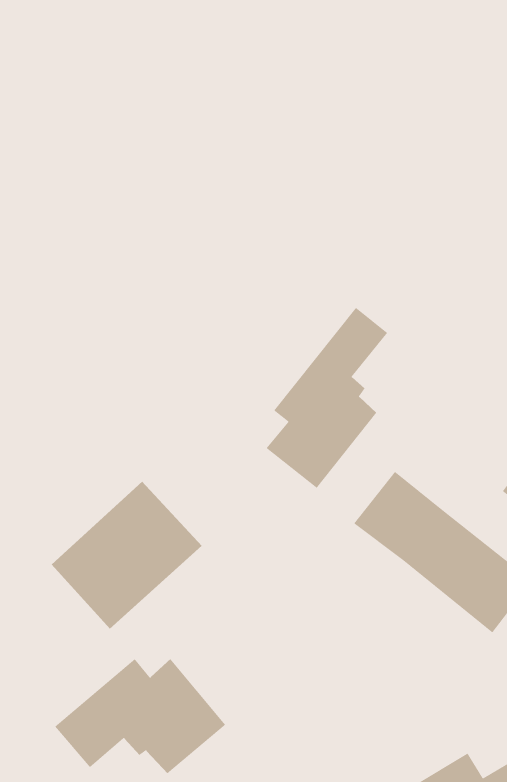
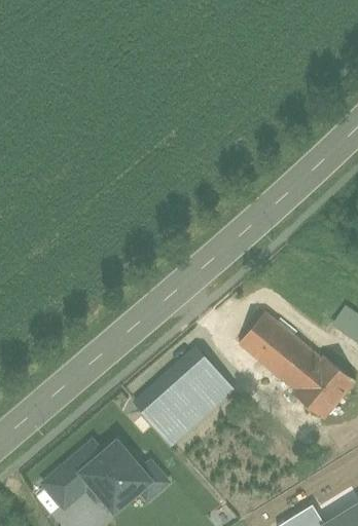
building: [265,307,388,489] -> none
building: [51,481,203,629] -> [134,346,235,445]

